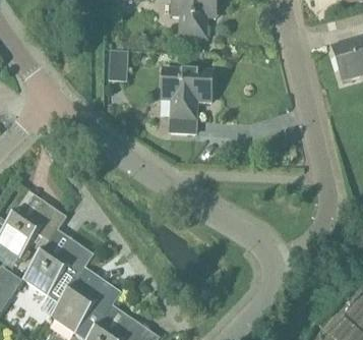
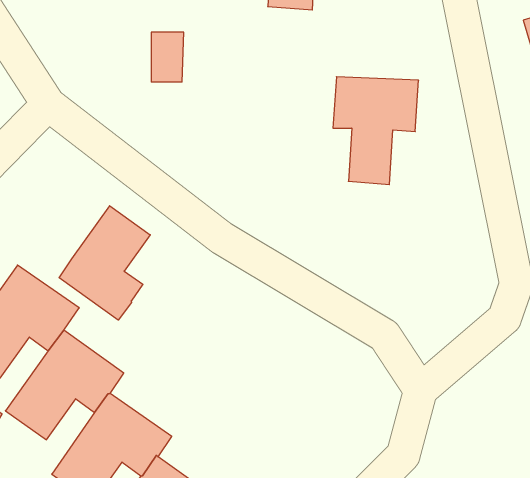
building: [162,69,213,133] -> [333,77,419,185]
building: none -> [59,206,150,320]

